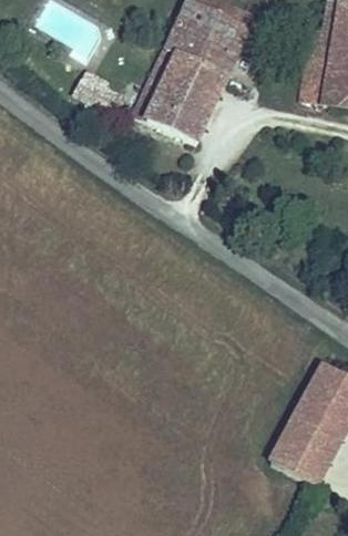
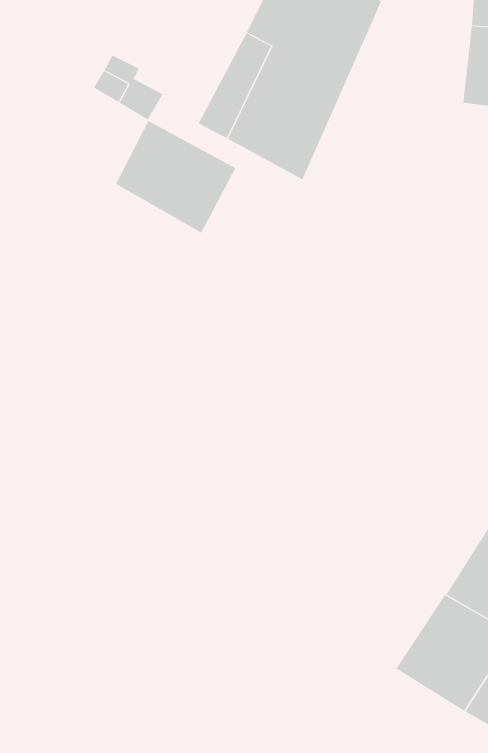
building: none -> [115,120,236,233]

